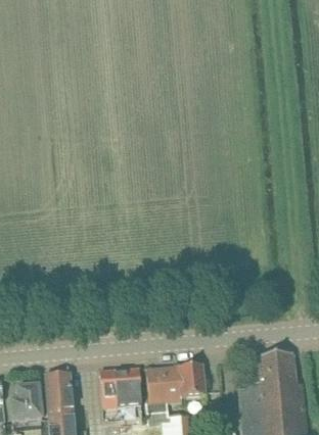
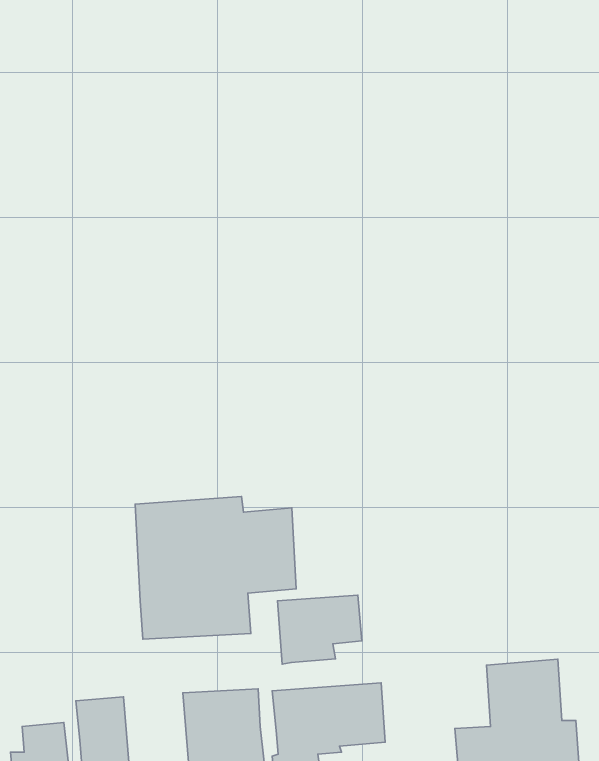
building: none -> [135,496,296,639]
building: none -> [277,595,362,664]

